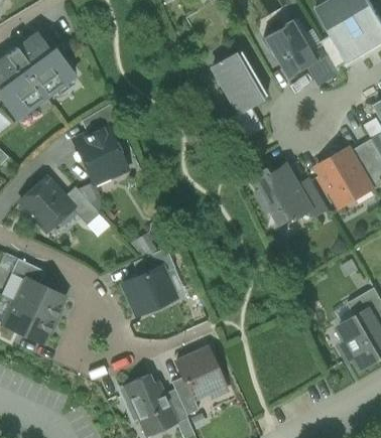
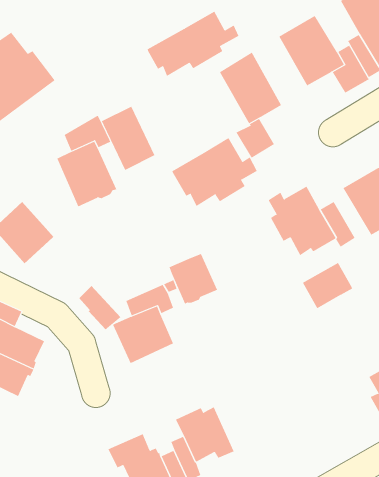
building: none -> [147,11,239,77]
building: none -> [101,106,155,170]
building: none -> [172,137,257,207]
building: [63,186,100,225] -> [78,285,121,330]
building: none -> [169,253,218,305]
building: none -> [302,262,353,309]

